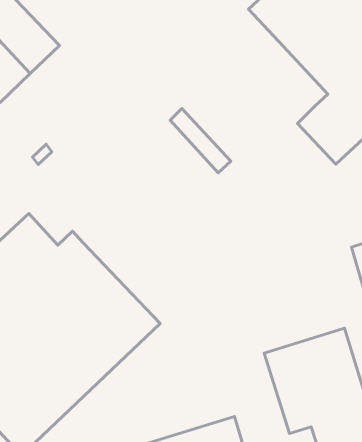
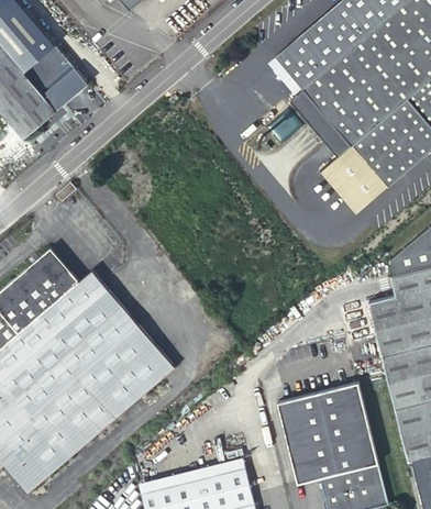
building: [170,109,231,173] -> [295,92,353,158]

